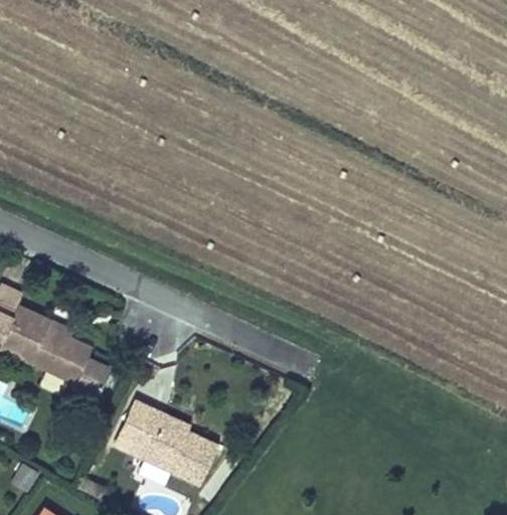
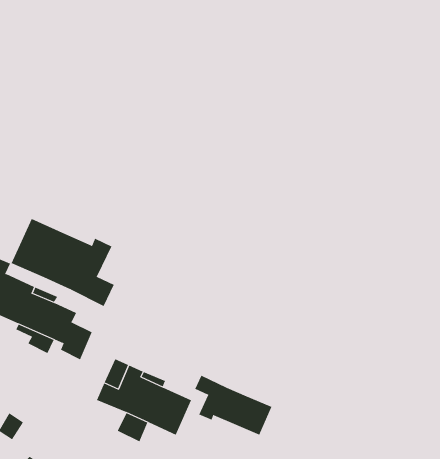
building: none -> [11,218,115,307]
building: none -> [194,375,272,436]

